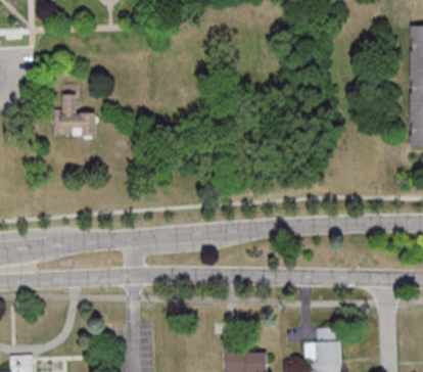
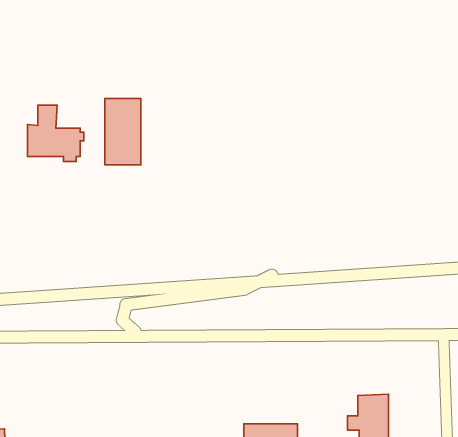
building: none -> [105,99,141,165]

